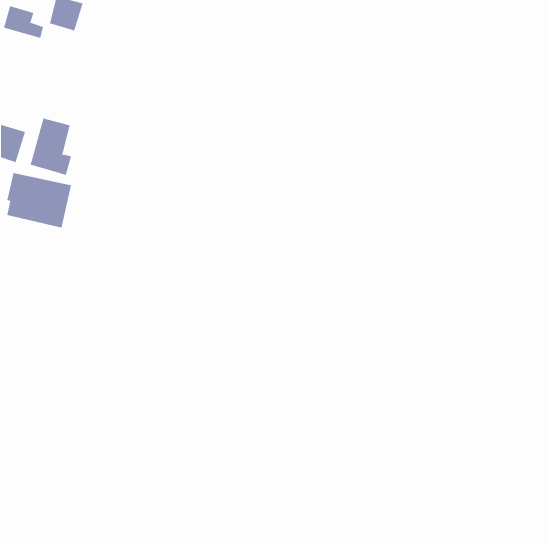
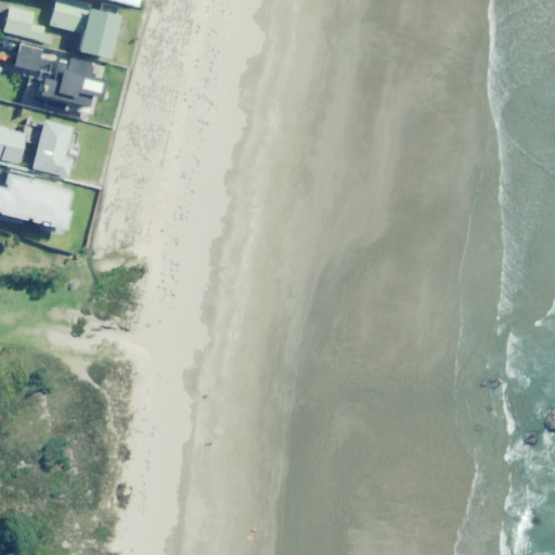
building: none -> [76,9,119,59]
building: none -> [13,44,42,72]
building: none -> [37,57,100,107]

